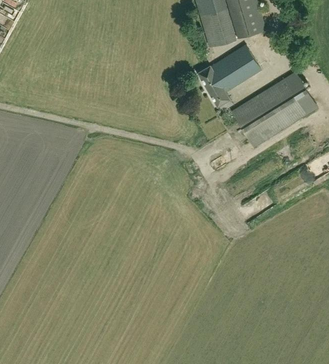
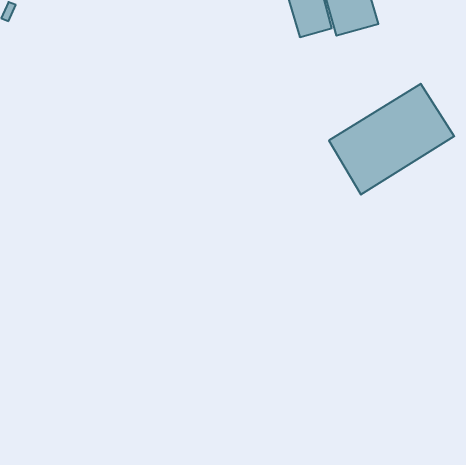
building: [195,45,259,106] -> none

